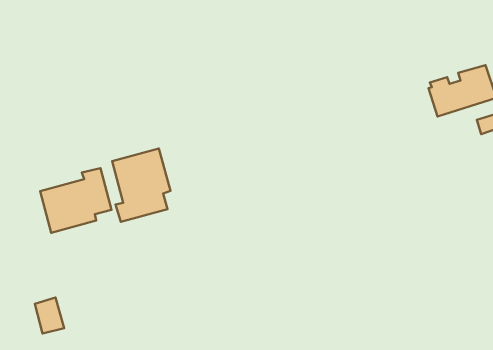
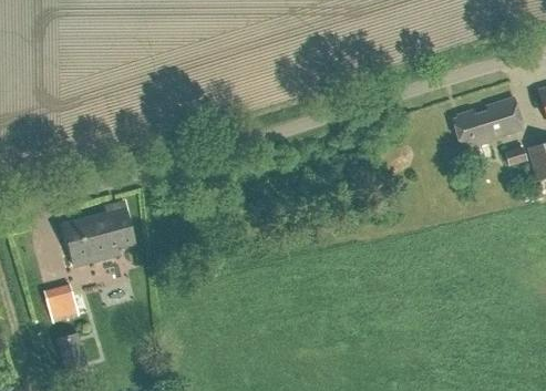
building: [112,148,170,222] -> none
building: none -> [43,284,78,319]

